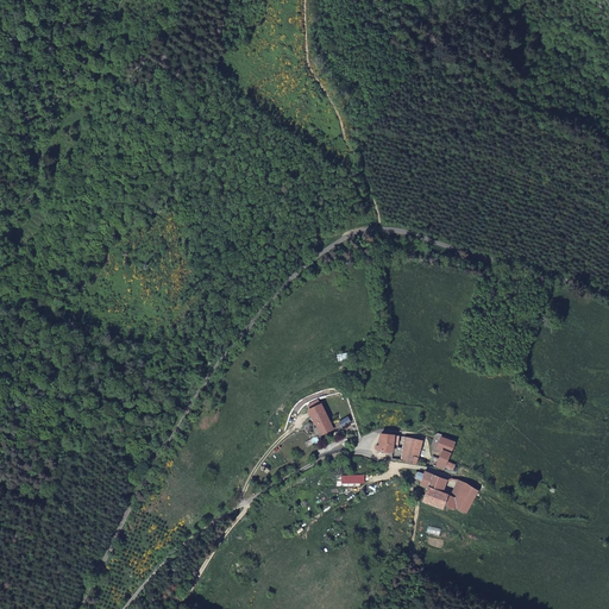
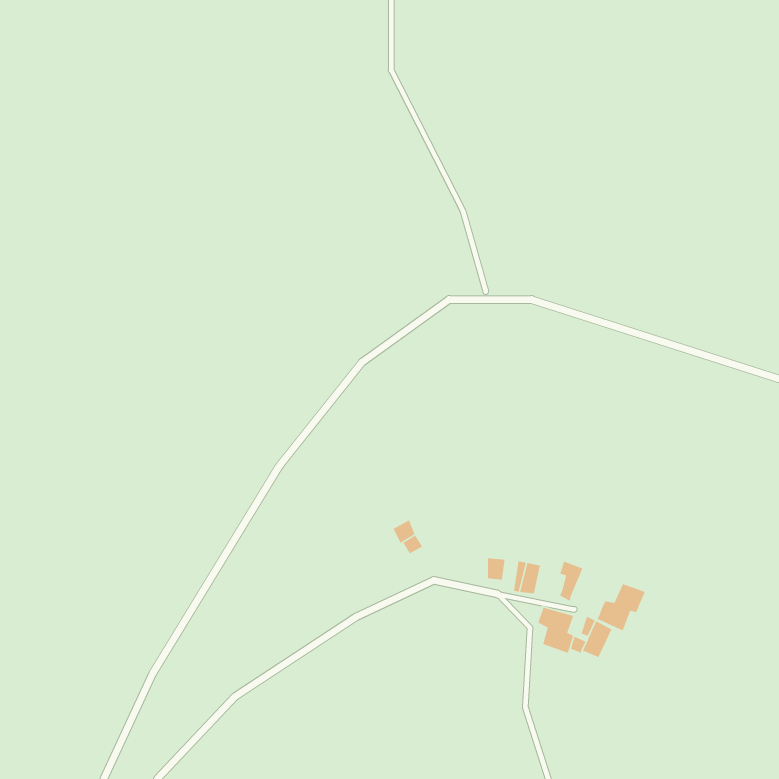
building: none -> [596,583,646,631]

